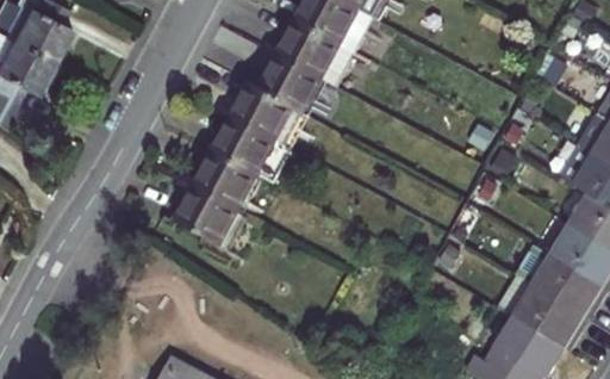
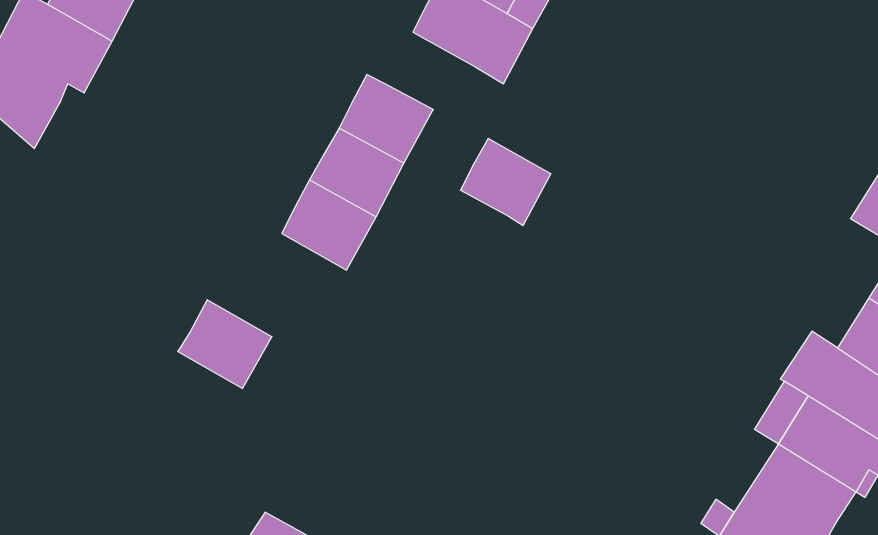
building: [256,51,315,107] -> [460,139,551,225]
building: [170,181,231,238] -> [178,300,272,388]

